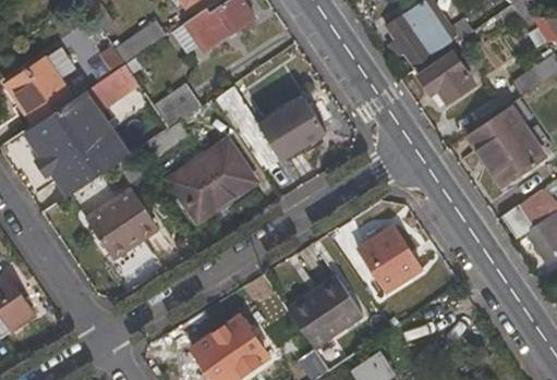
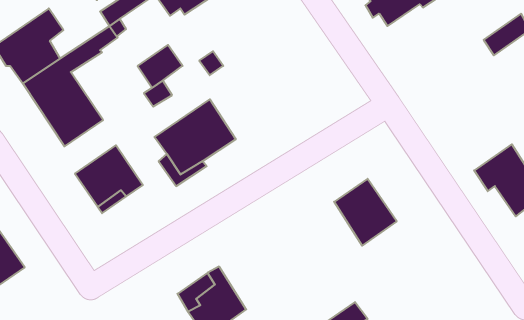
building: [417,48,474,106] -> none
building: [258,97,325,160] -> none
building: [468,103,547,185] -> none
building: [289,275,363,346] -> none

